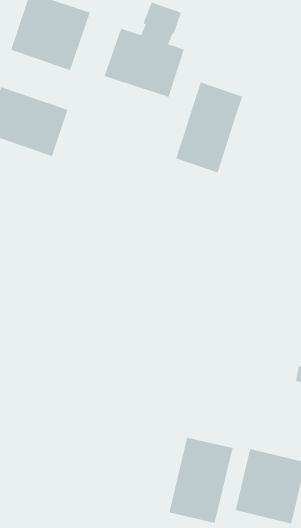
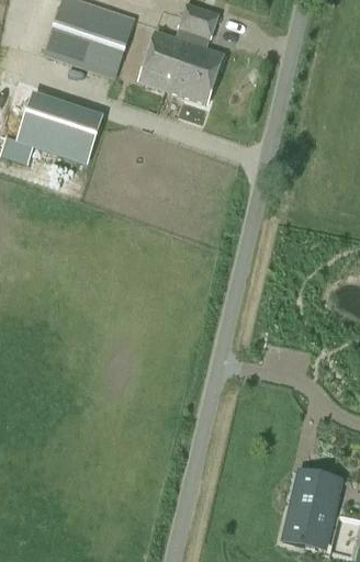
building: [175,82,243,173] -> none
building: [169,437,233,524] -> none

